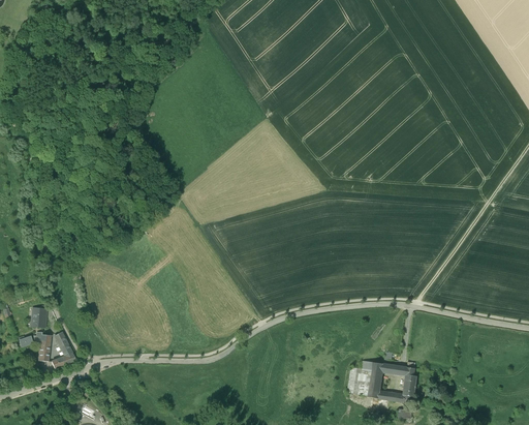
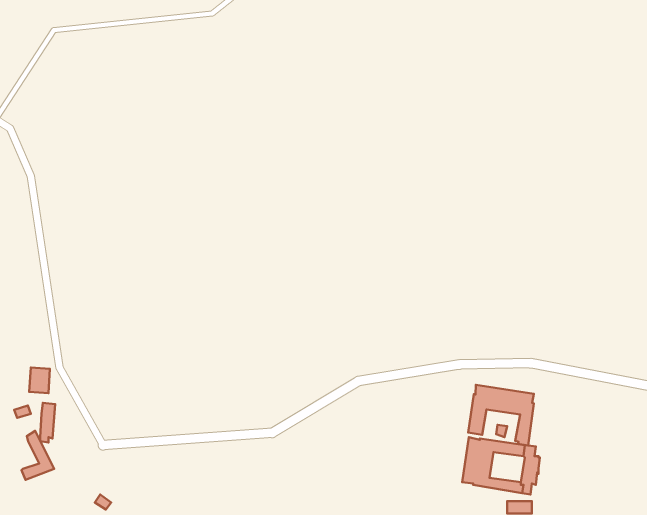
building: none -> [468,385,534,445]
building: [51,331,75,368] -> [21,431,54,480]

